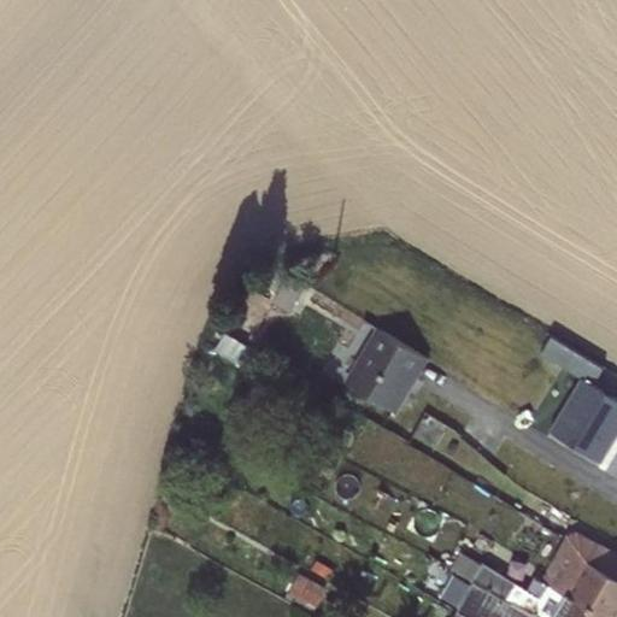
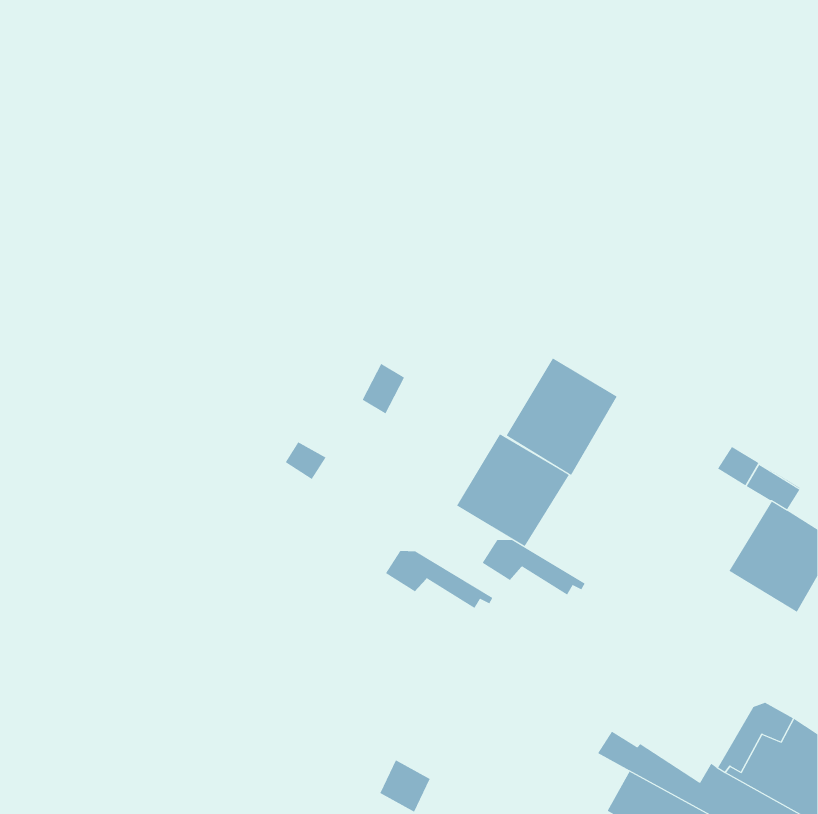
building: none -> [506,358,618,476]
building: none -> [482,539,586,596]
building: none -> [385,550,493,609]

